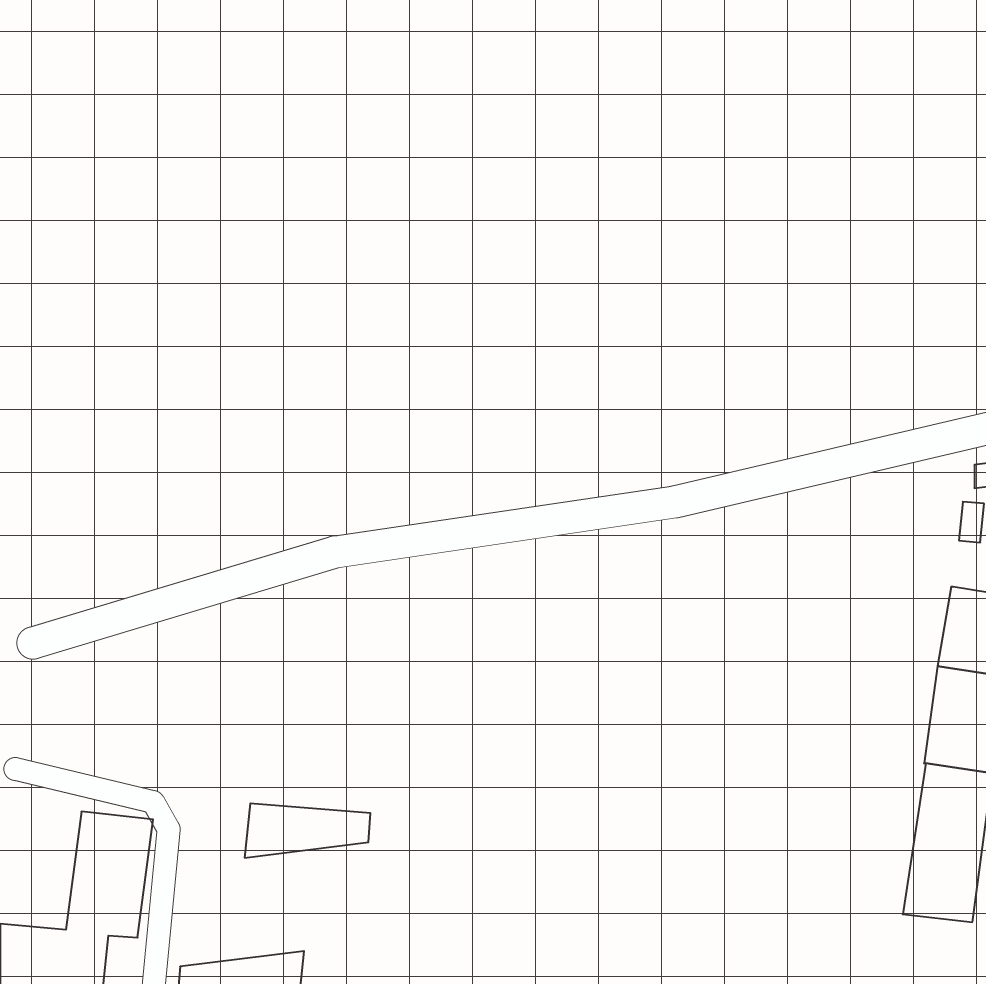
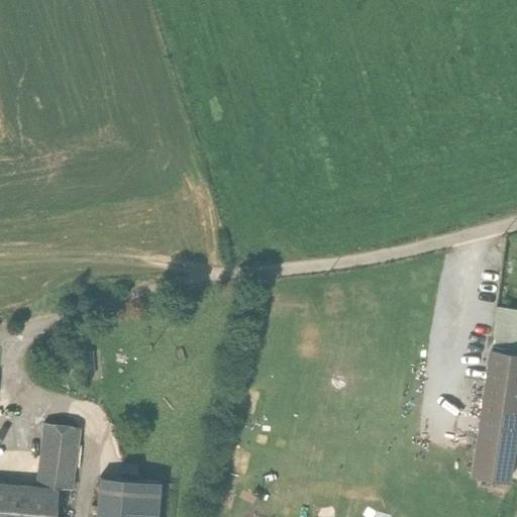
building: [245,803,370,858] -> [96,479,162,507]

